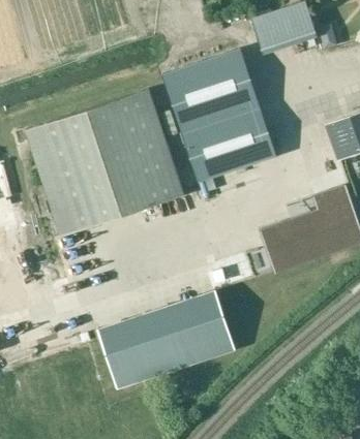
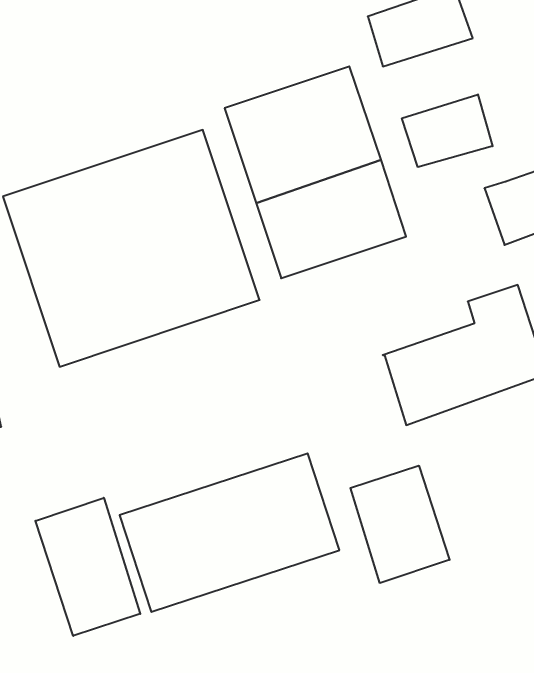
building: none -> [402,94,493,167]
building: none -> [350,466,450,583]
building: none -> [35,498,140,636]

